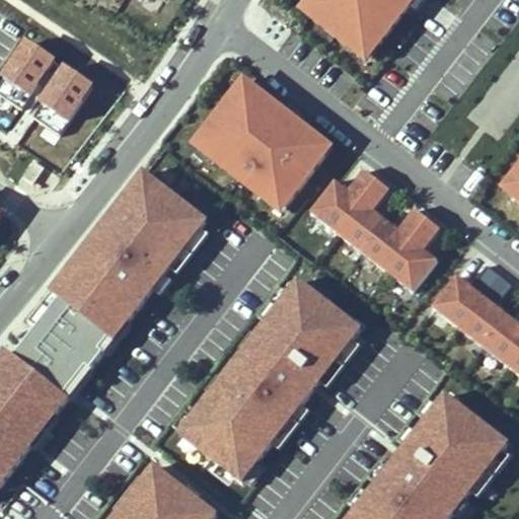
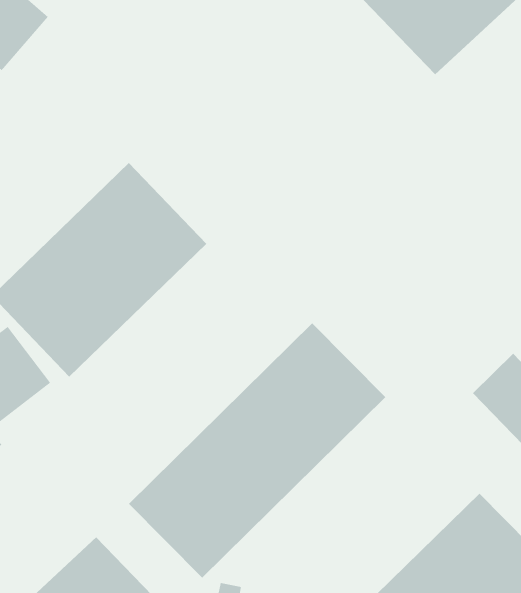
building: [36,71,101,139] -> none
building: [191,82,330,218] -> none
building: [307,168,440,293] -> none

